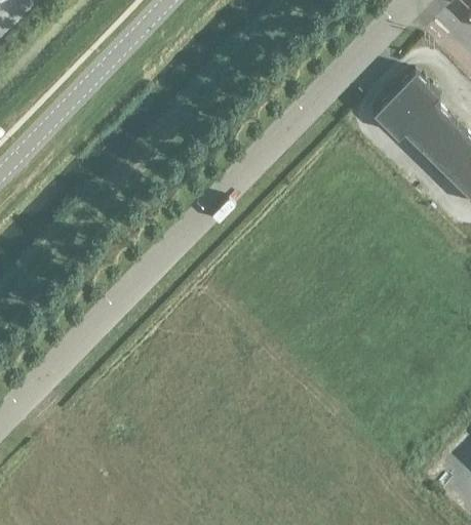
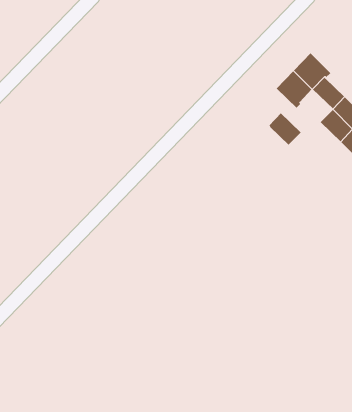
building: [402,120,441,159] -> [269,113,301,145]

